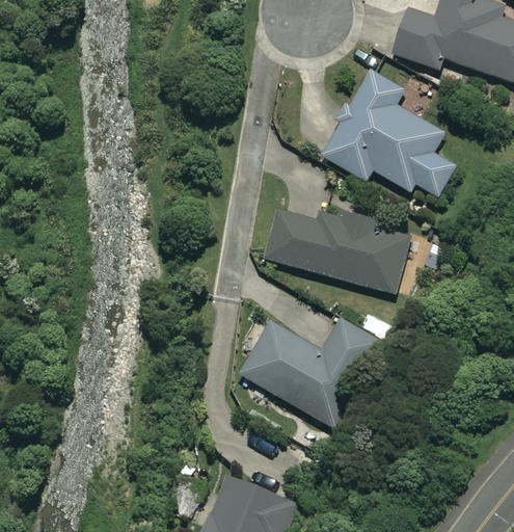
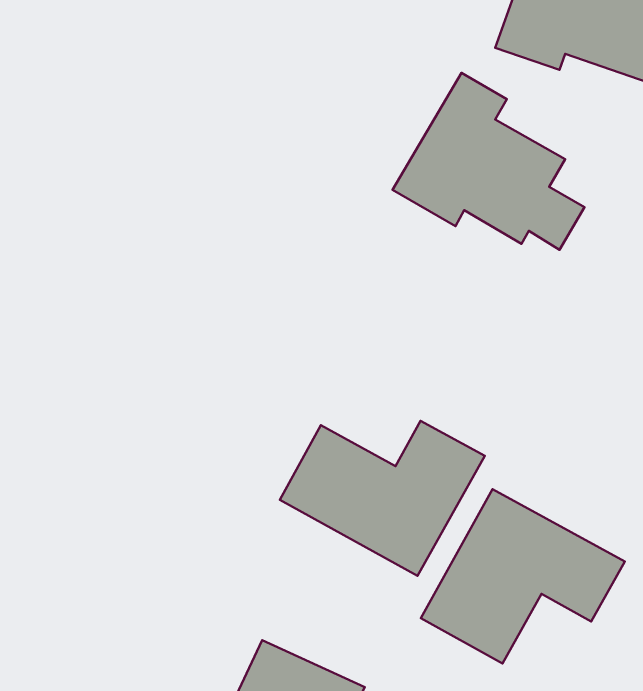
building: [266,209,411,294] -> none
building: none -> [421,489,625,663]

